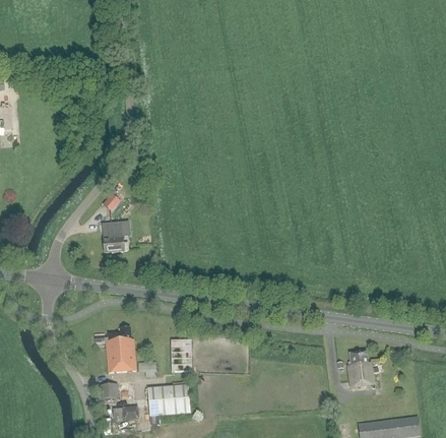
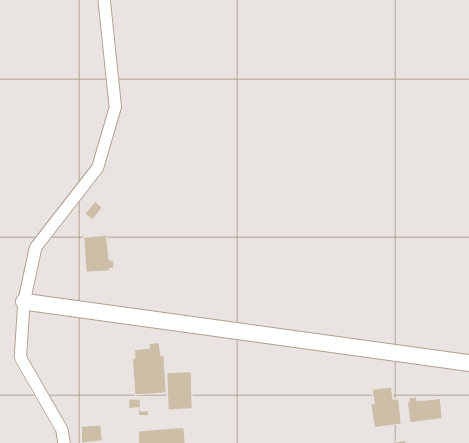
building: [106,328,135,373] -> [132,343,167,395]
building: none -> [407,396,442,423]

